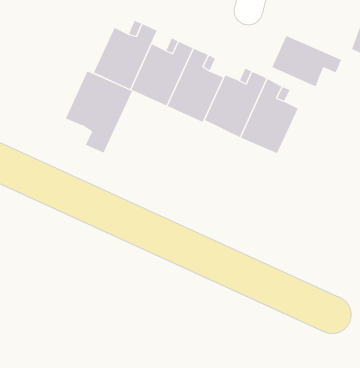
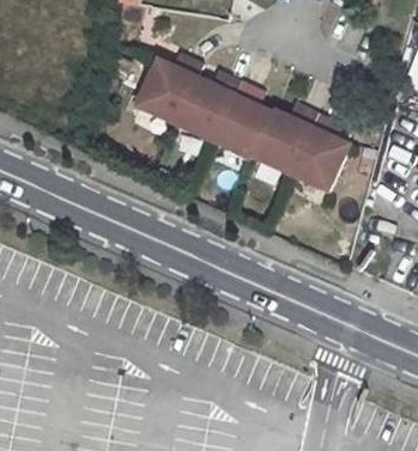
building: [272,35,342,87] -> none
building: [65,71,133,154] -> none

